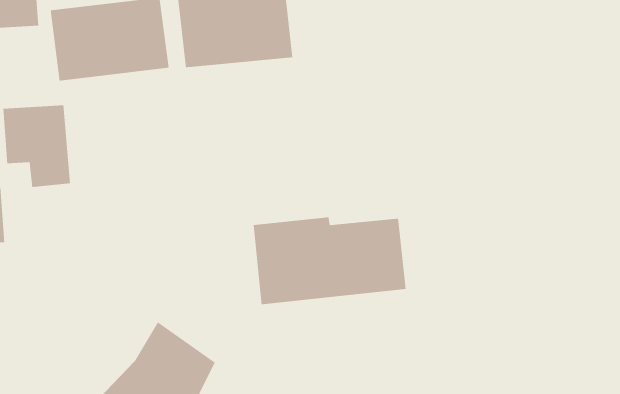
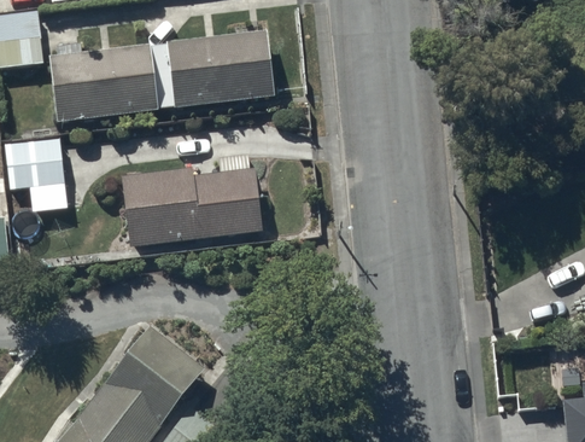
building: [253,217,407,305] -> [118,164,259,245]

